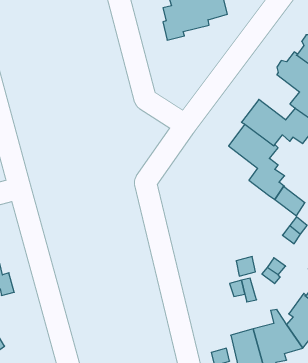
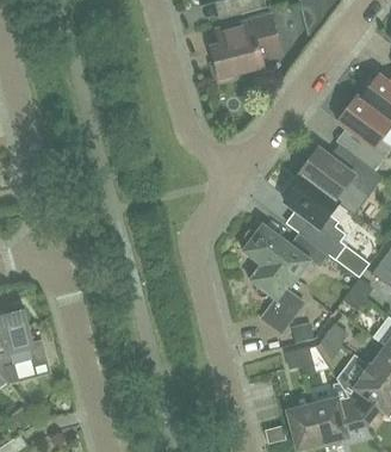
building: none -> [242,224,328,333]

